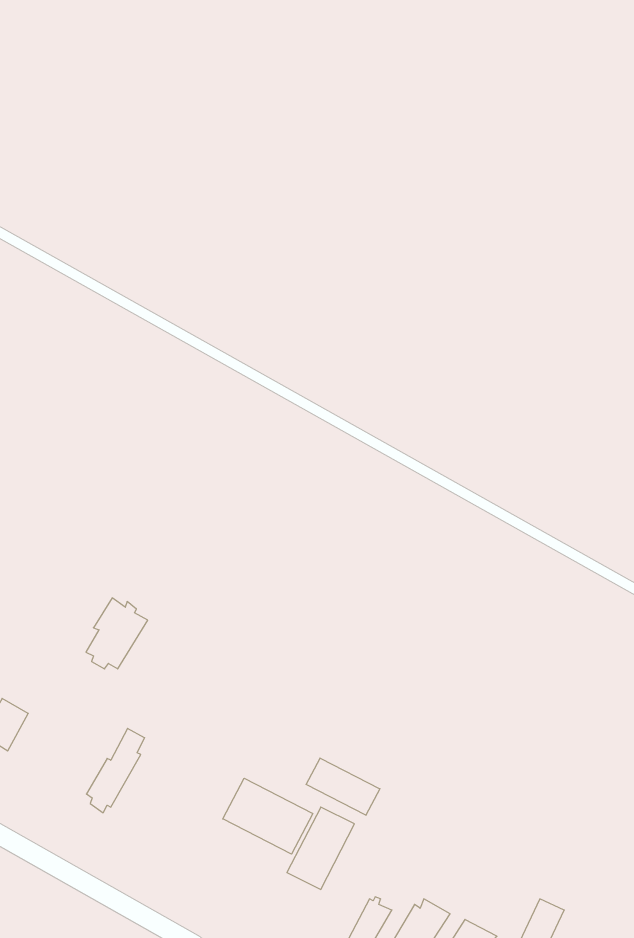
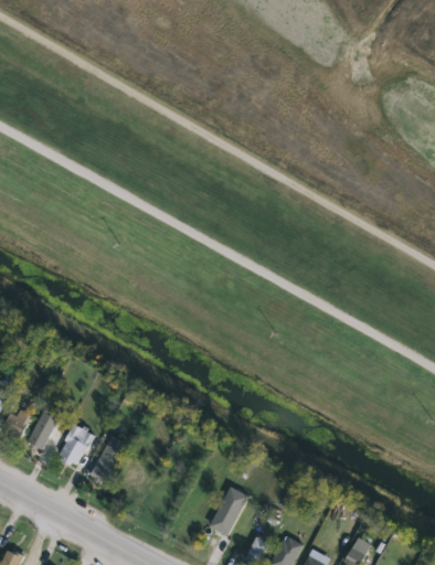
building: [86,598,148,669] -> [59,424,95,466]
building: [306,758,380,815] -> none
building: [223,778,313,854] -> none

